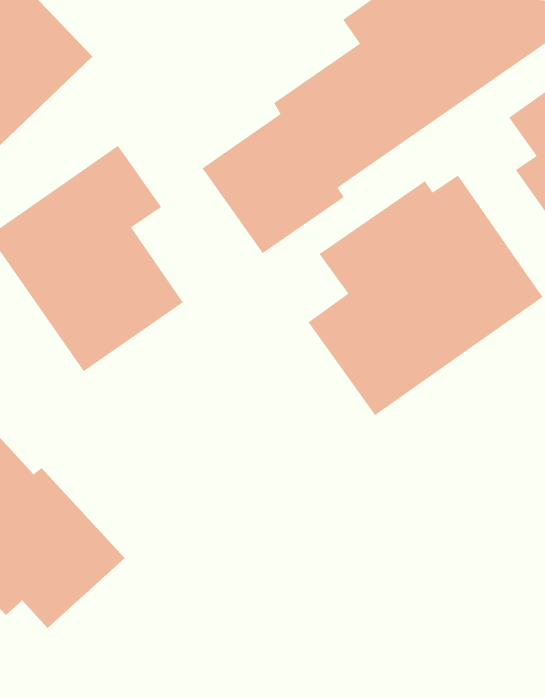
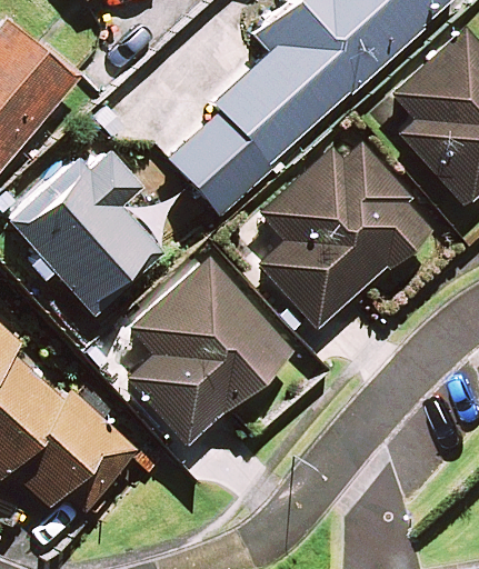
building: none -> [104,257,291,443]

